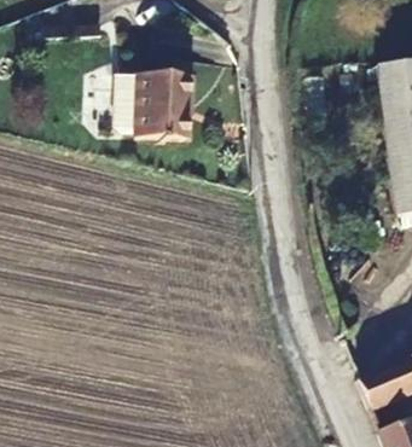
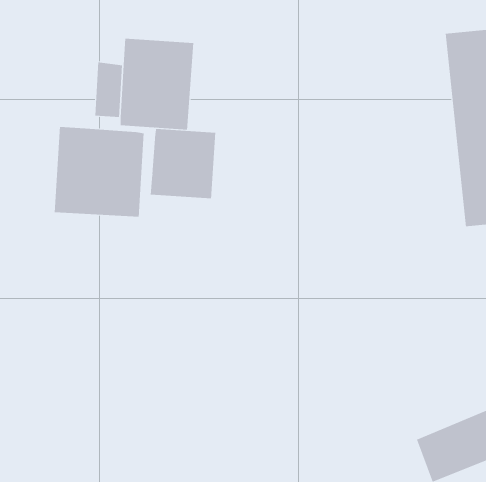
building: none -> [54,126,144,217]
building: none -> [150,128,216,199]

